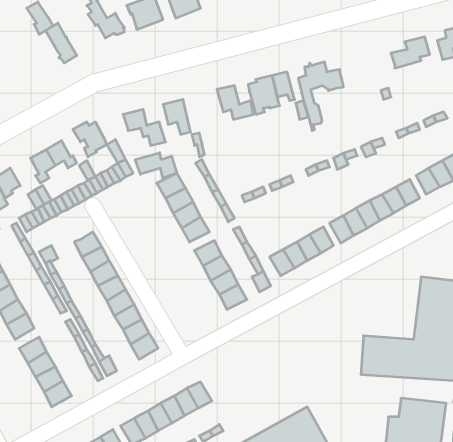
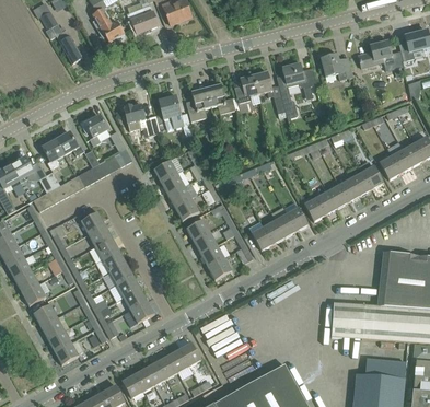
building: none -> [321,53,353,80]
building: none -> [186,86,211,120]
building: [135,153,177,178] -> none

